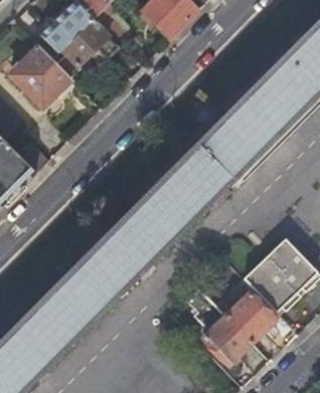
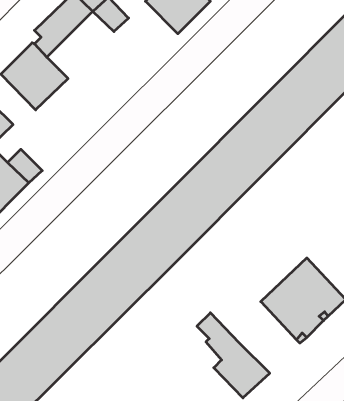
building: [51,20,119,70] -> none
building: [224,293,275,343] -> none

